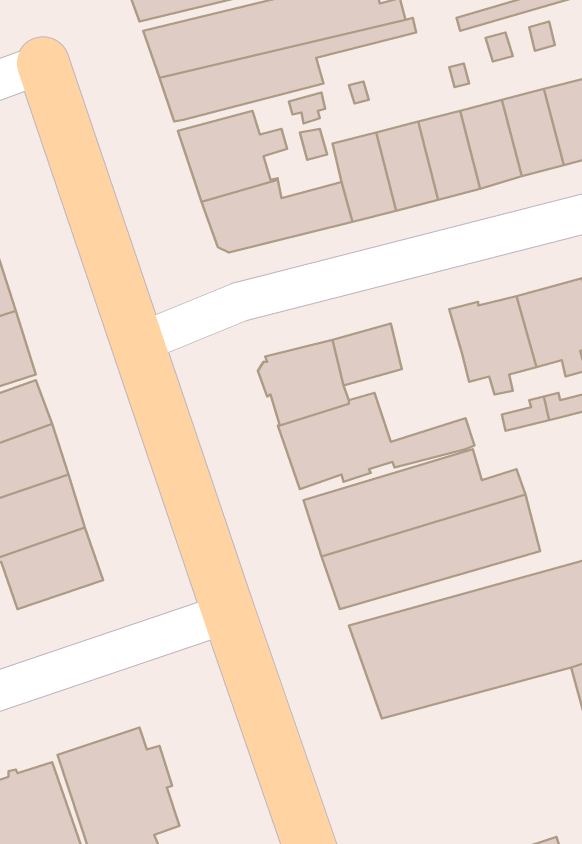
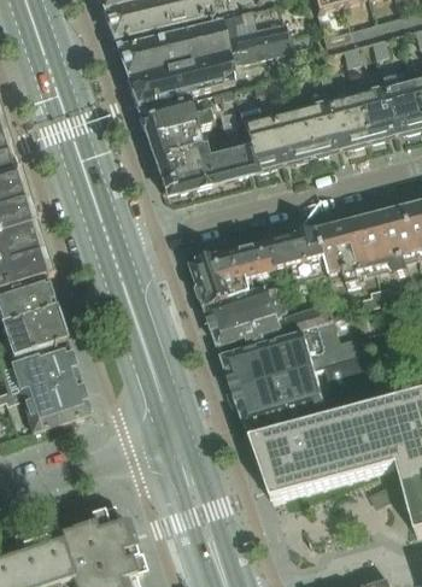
building: none -> [281,228,328,268]

